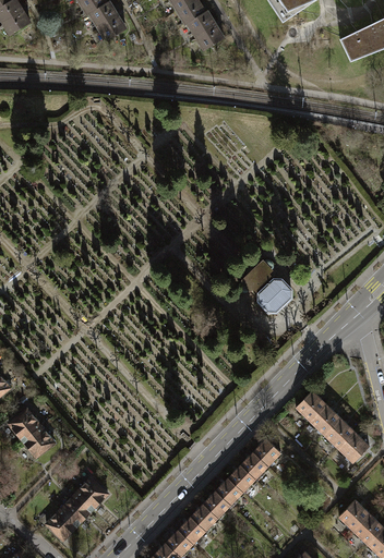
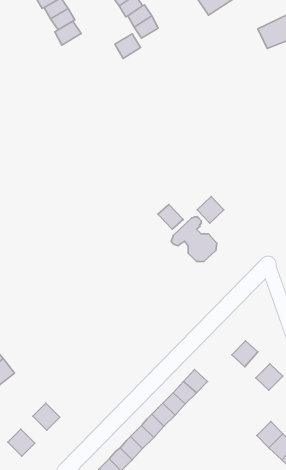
building: none -> [55,21,81,45]
building: none -> [115,34,141,58]
building: none -> [197,197,224,223]
building: none -> [158,204,183,229]
building: [295,390,325,421] -> none
building: [324,417,353,448] -> none
building: [61,493,92,524] -> none

